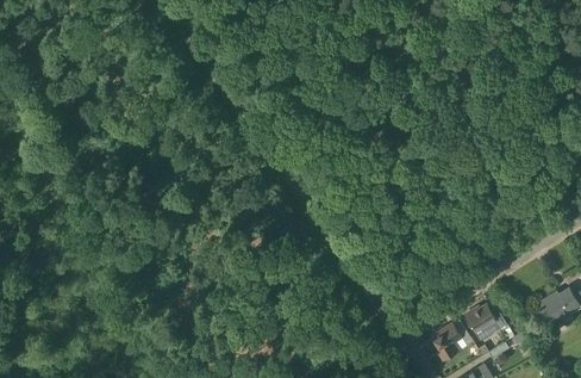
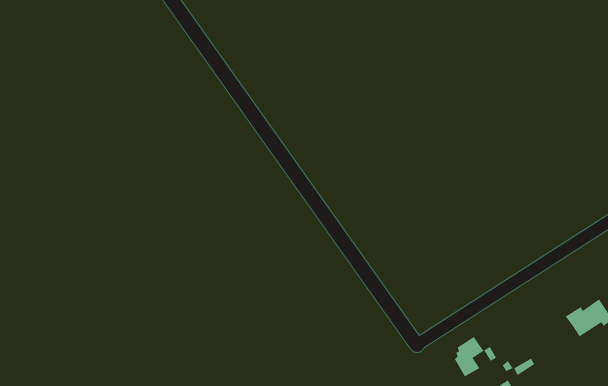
building: [464,304,506,340] -> none

